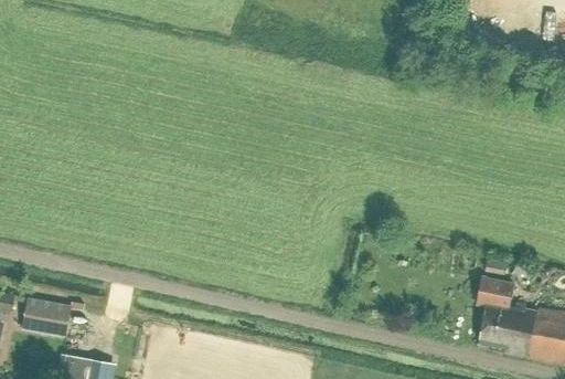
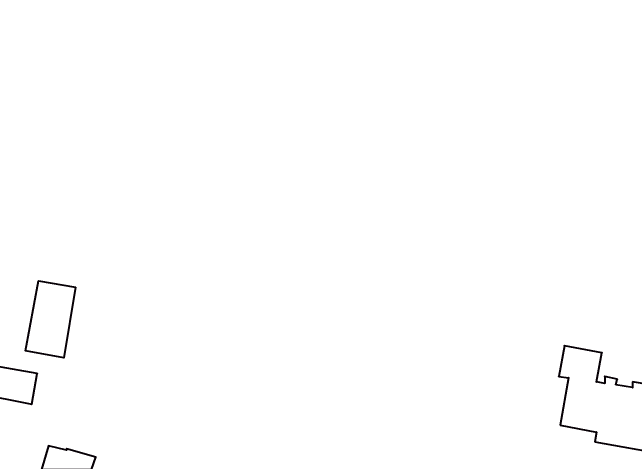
building: none -> [25,281,75,358]

